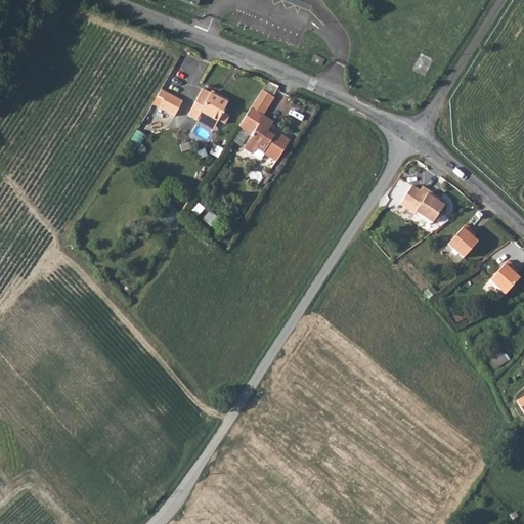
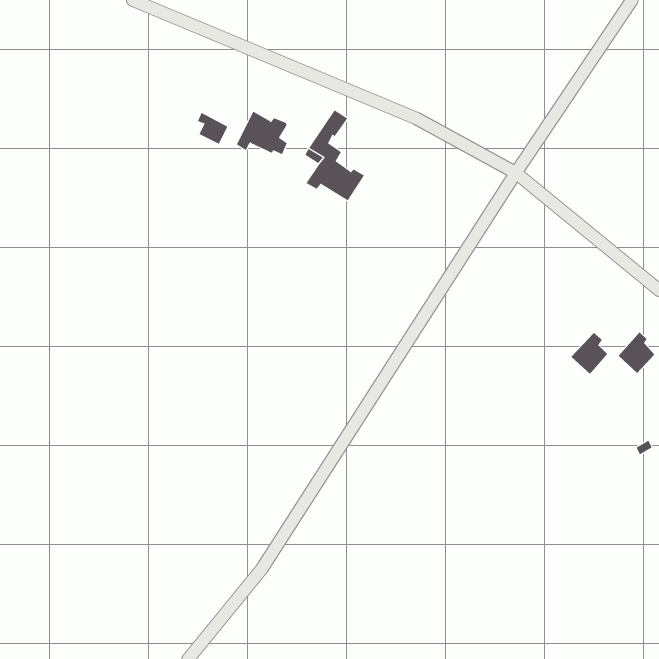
building: [400,185,444,222] -> none
building: [448,224,478,258] -> [571,332,608,375]

